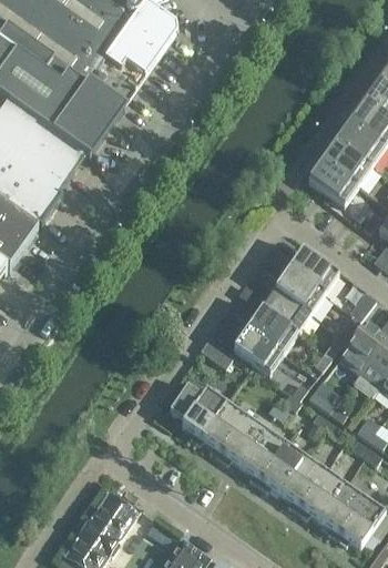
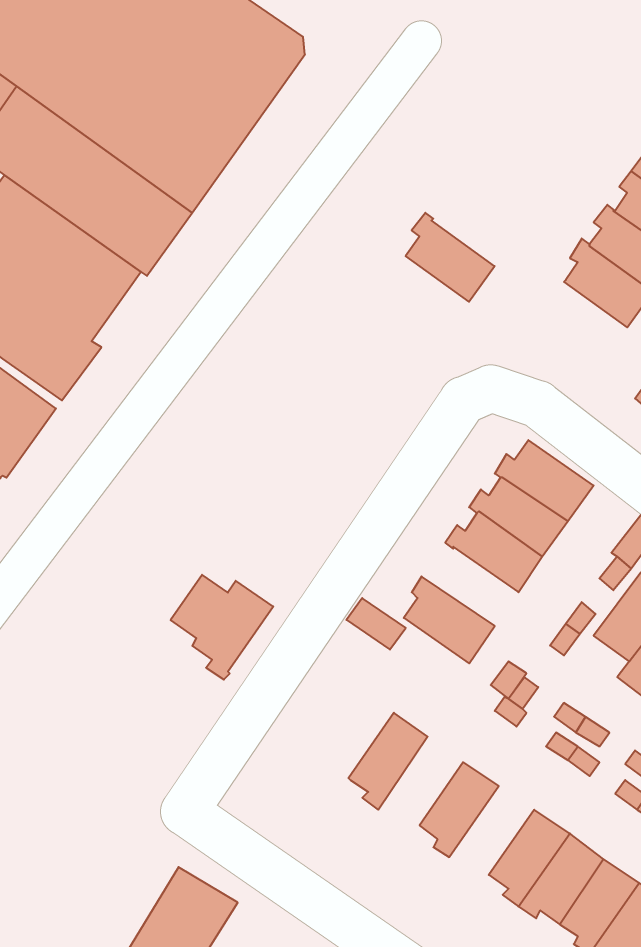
building: [307,155,357,205] -> [406,213,495,302]
building: [242,308,296,353] -> none
building: [169,384,226,443] -> [171,575,273,680]
building: [217,415,265,465] -> none
building: [257,443,305,493] -> none

